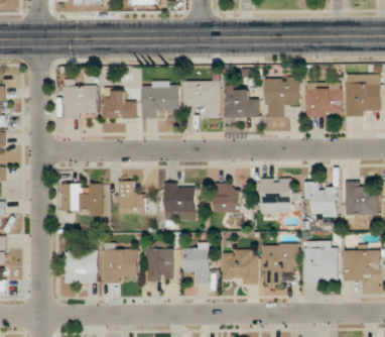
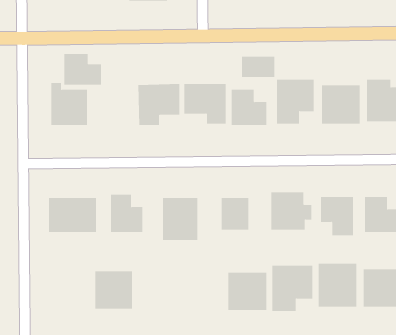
building: none -> [242,56,275,78]
building: [102,90,136,118] -> [64,54,102,85]
building: [182,242,210,284] -> none
building: [65,243,97,283] -> none
building: [146,245,172,280] -> none

